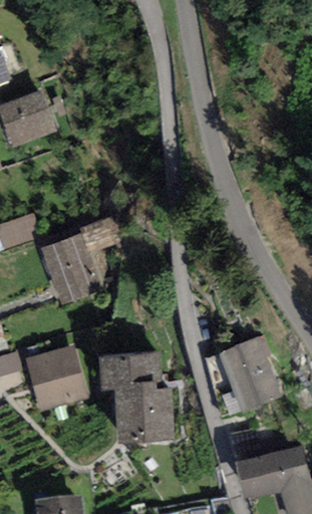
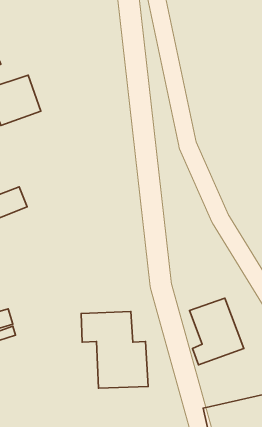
building: [42,215,126,304] -> none
building: [27,348,86,412] -> none

